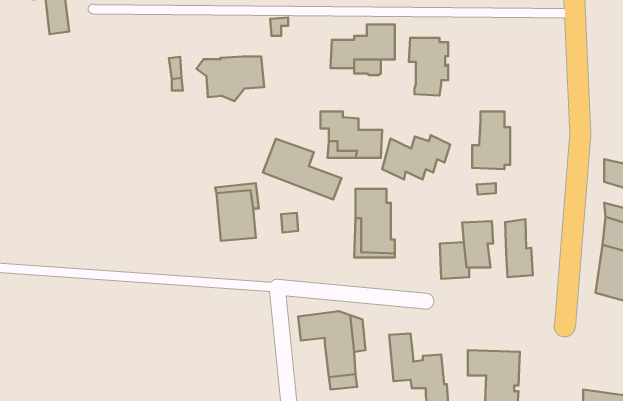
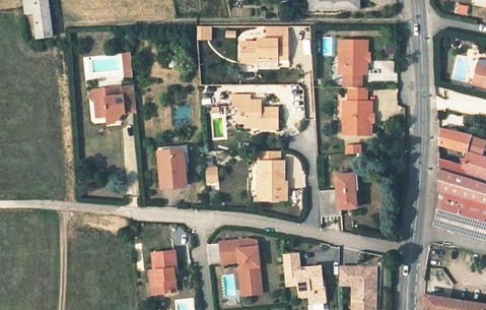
building: [409,38,448,96] -> [339,40,367,81]
building: [197,56,264,101] -> [88,88,137,121]
building: [382,135,450,180] -> none
building: [263,139,342,199] -> none
building: [505,219,533,277] -> none
building: none -> [151,250,176,294]

